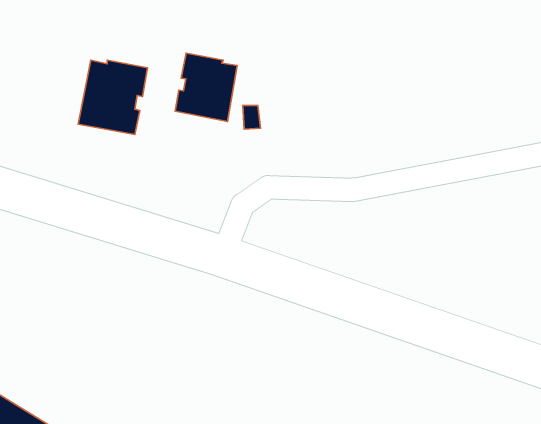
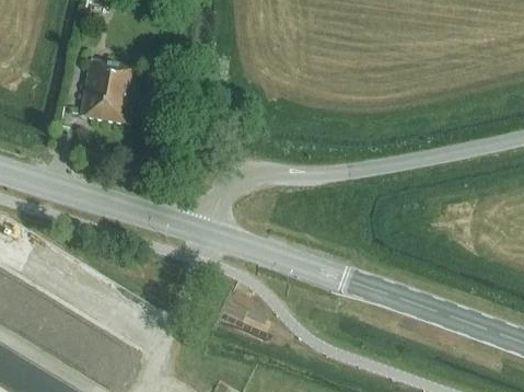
building: [175,53,237,121] -> none

